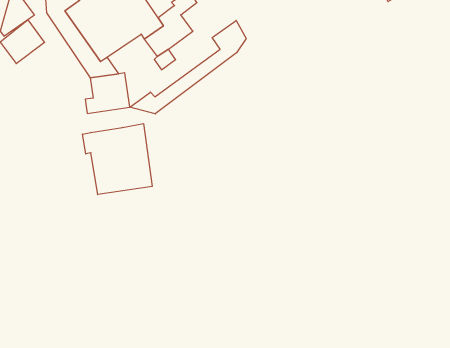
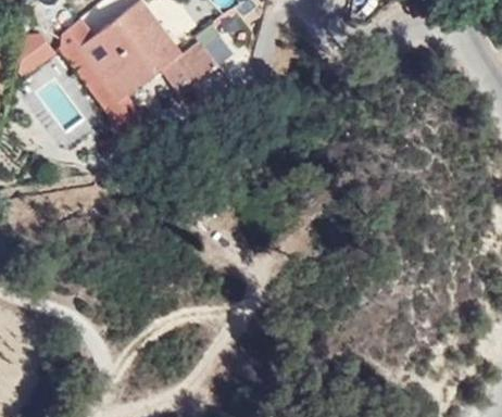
building: [130,20,246,114] -> none
building: [83,124,152,195] -> none

